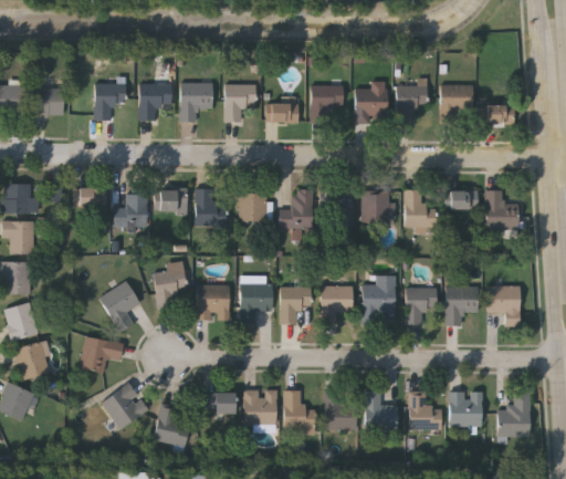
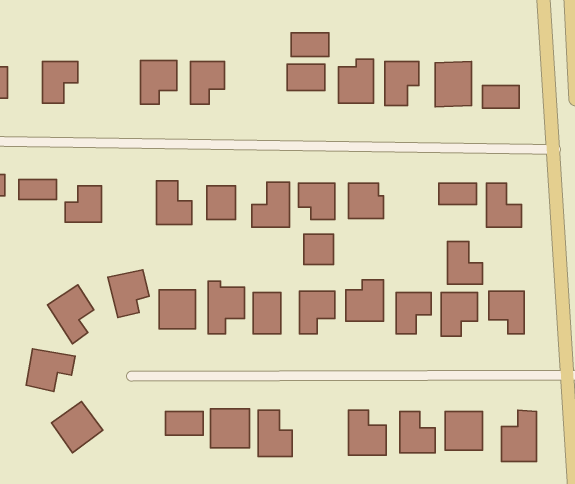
building: [139,83,170,119] -> none
building: [264,101,297,122] -> [291,33,329,57]
building: [158,190,186,215] -> none
building: [403,190,434,228] -> [448,242,483,284]
building: none -> [304,234,333,264]
building: [324,391,355,429] -> none
building: [154,403,190,446] -> none

